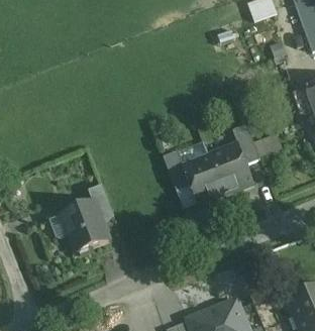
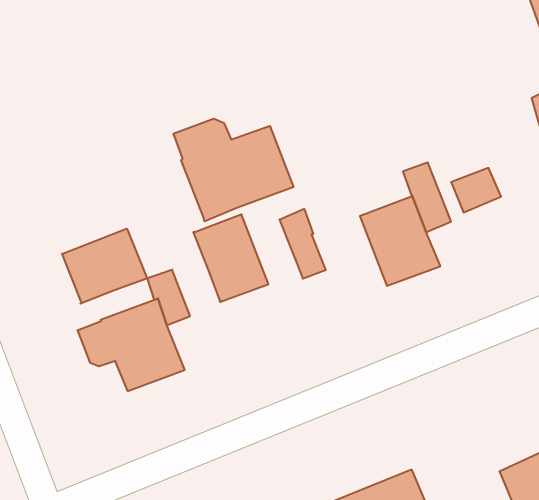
building: none -> [173,119,293,221]
building: [182,154,224,204] -> [193,214,268,302]
building: none -> [62,229,147,304]

